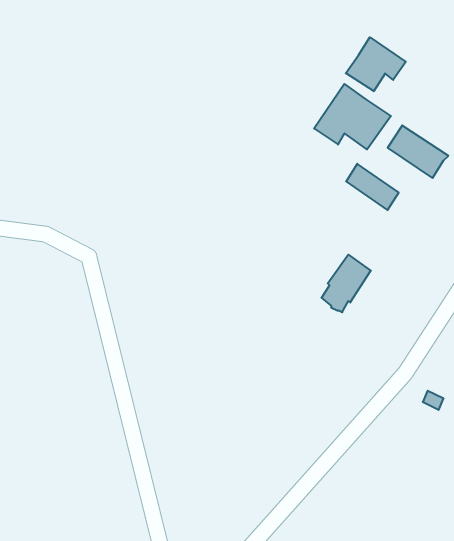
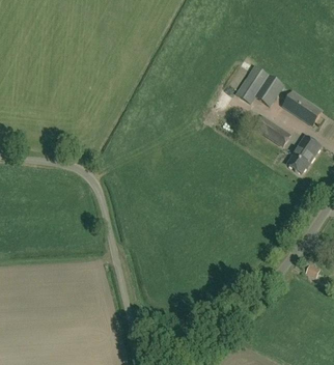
building: [346,37,406,91] -> none
building: [321,255,371,312] -> [287,135,319,172]

